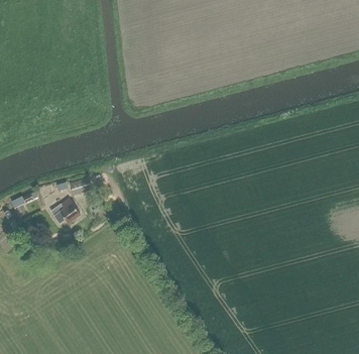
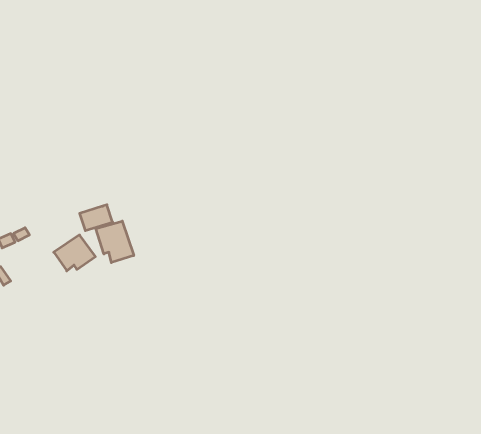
building: none -> [96,221,134,263]

